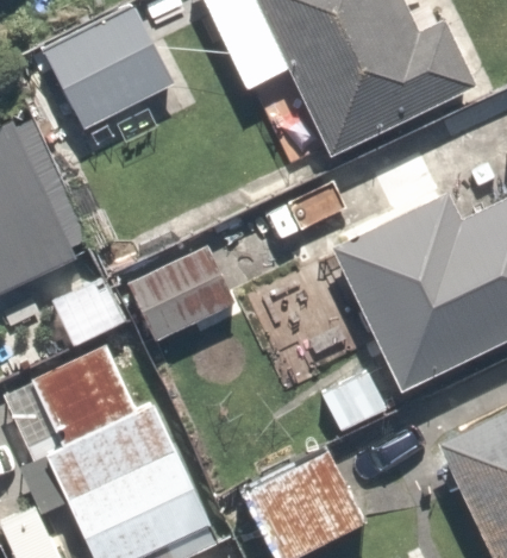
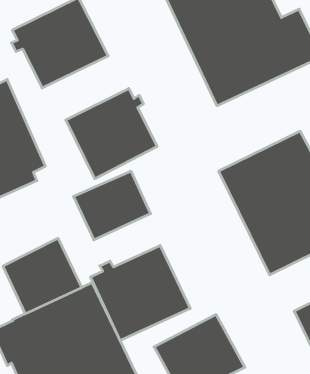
building: none -> [66,88,157,179]
building: none -> [91,245,190,341]

